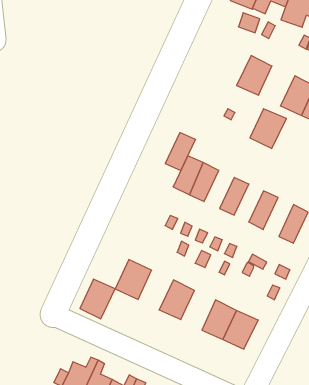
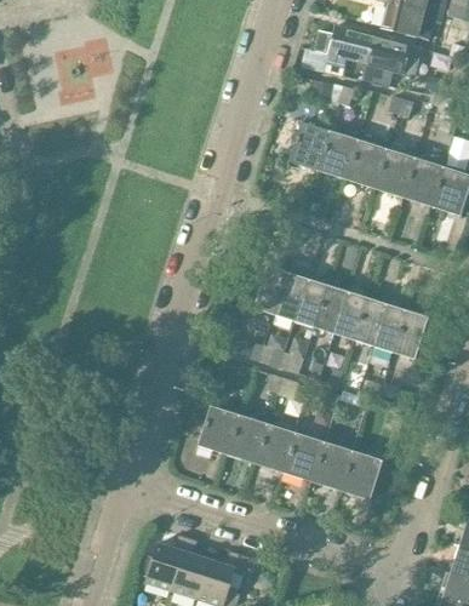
building: none -> [288,121,330,170]
building: [250,109,286,149] -> [345,139,388,188]
building: [165,133,196,170] -> [294,279,328,326]
building: none -> [334,291,367,338]
building: none -> [373,303,407,351]
building: [80,279,115,319] -> [228,415,269,463]
building: none -> [285,433,325,481]

